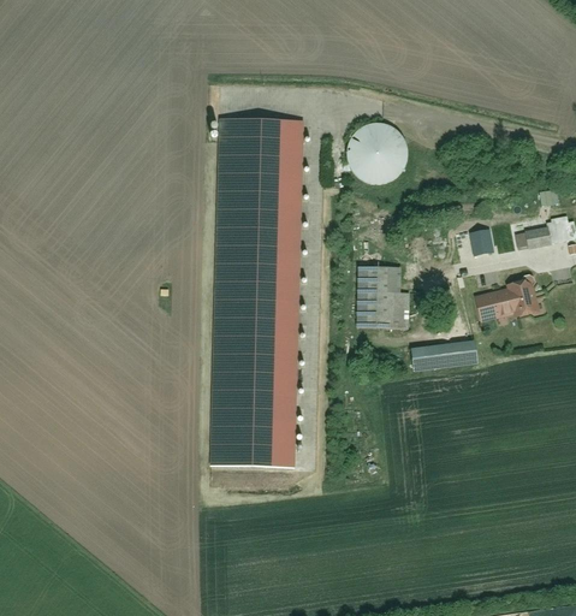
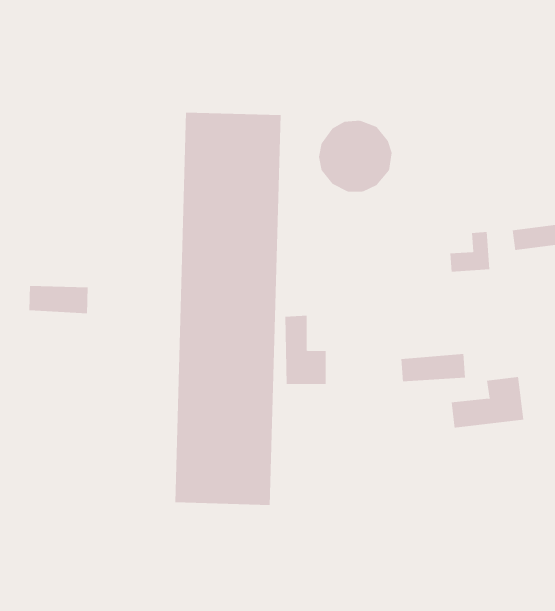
building: [360,261,397,322] -> [285,315,327,384]
building: [468,271,533,316] -> [451,376,524,428]
building: none -> [29,285,88,314]

